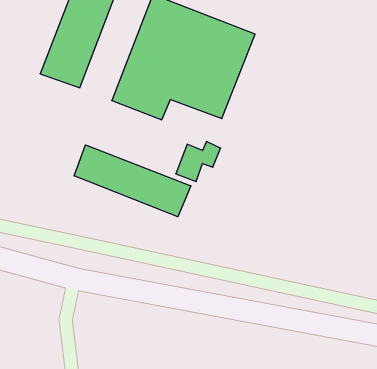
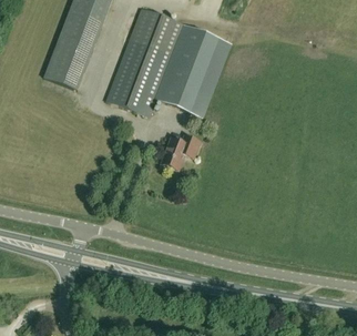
building: [74,145,191,217] -> none

